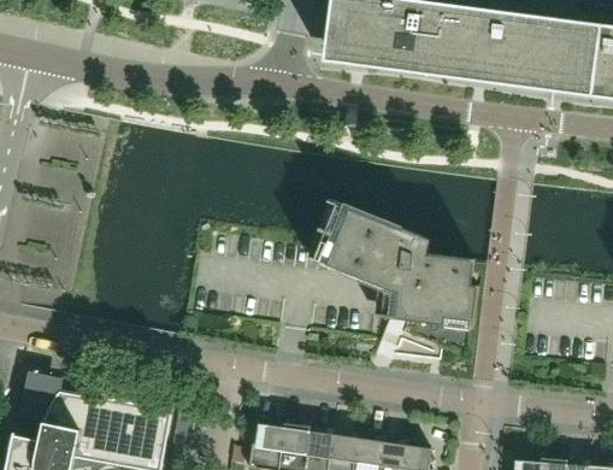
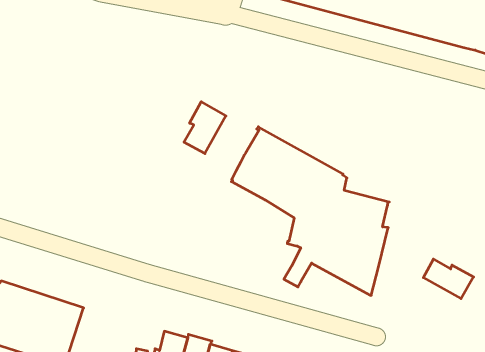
building: none -> [184,102,226,154]
building: none -> [423,259,474,299]

